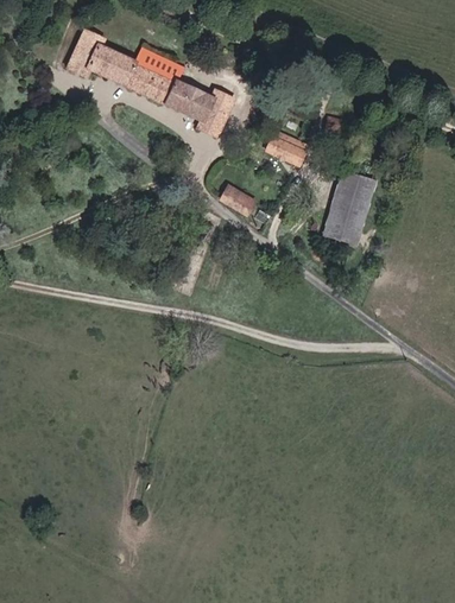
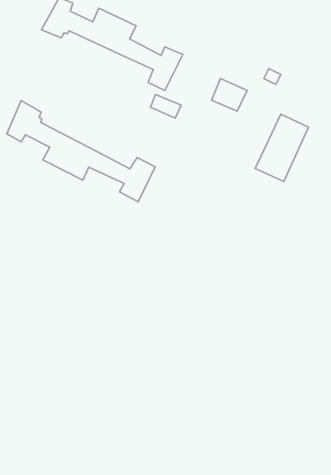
building: none -> [7,100,155,202]
building: [220,186,257,215] -> [151,94,181,118]

